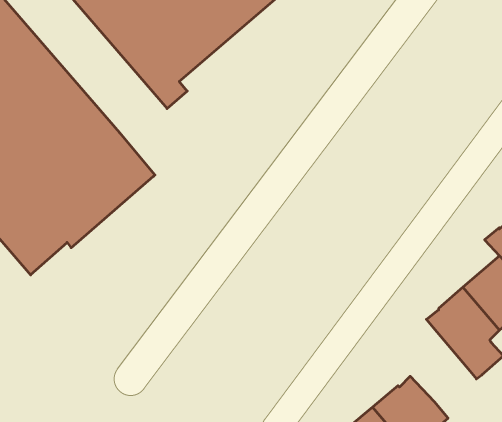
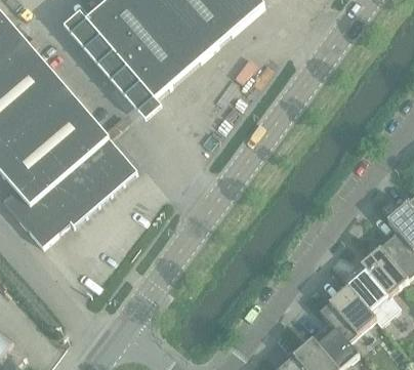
building: none -> [319,284,374,340]

